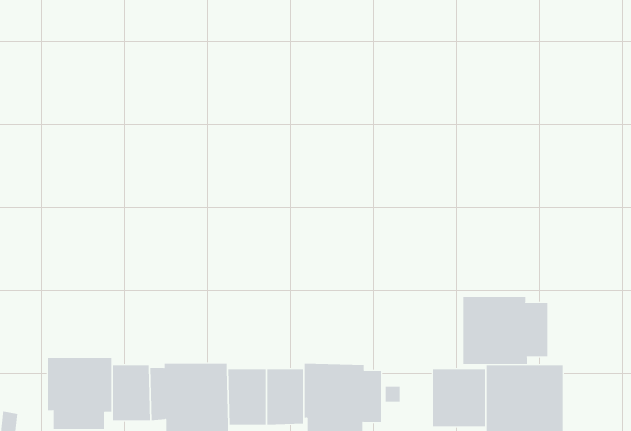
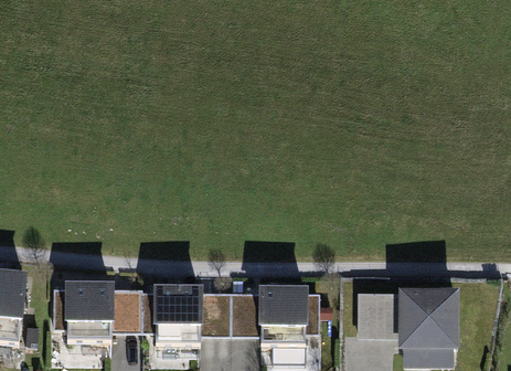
building: [463,296,548,365] -> none

